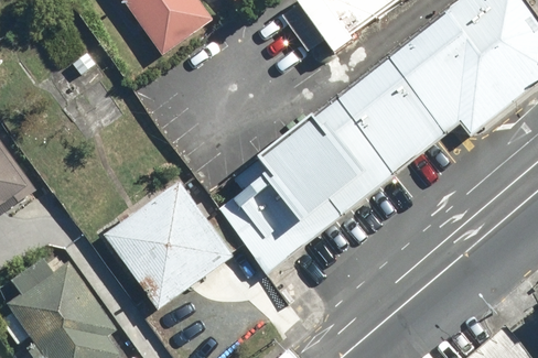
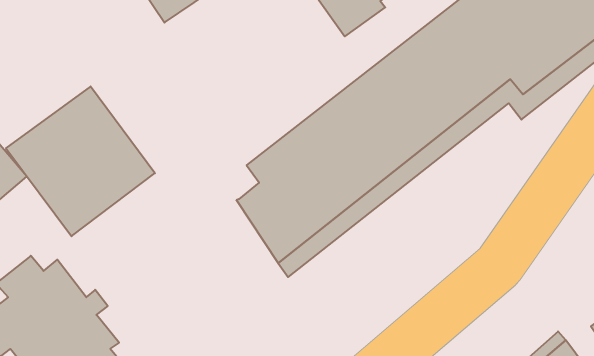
building: [104,181,234,312] -> [6,86,155,236]

